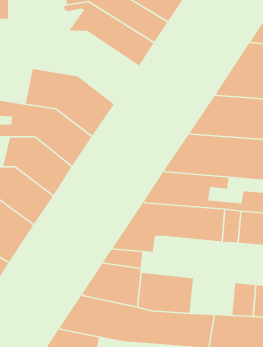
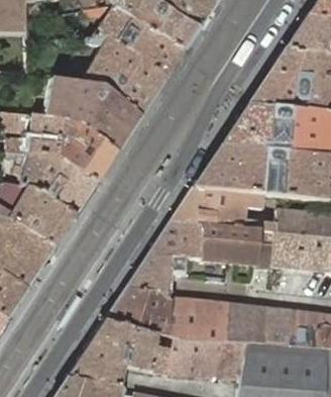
building: none -> [81,38,167,116]
building: none -> [221,303,268,343]

